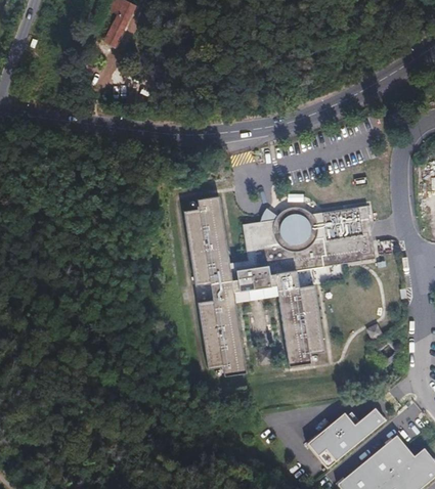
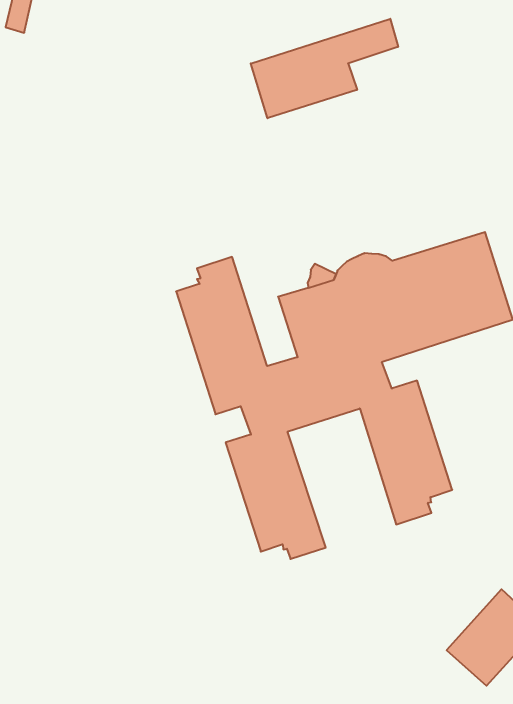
building: none -> [251,19,398,118]

